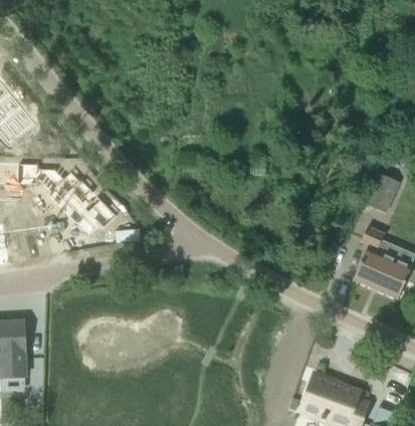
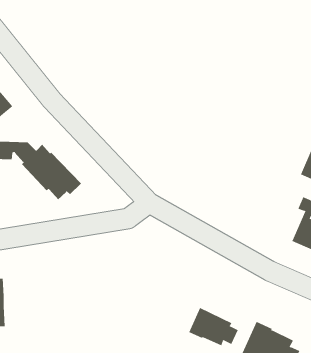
building: none -> [188,307,239,346]

